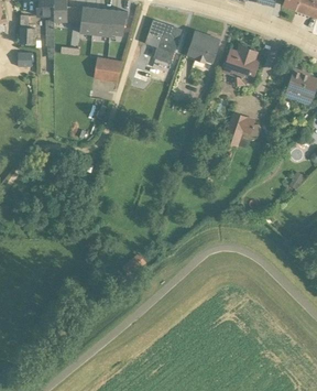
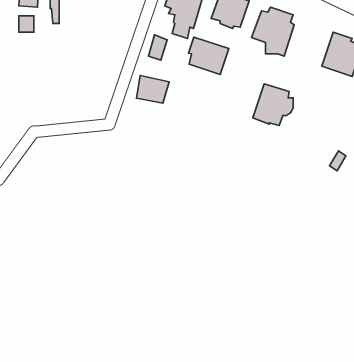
building: [95,56,123,80] -> [137,76,169,103]
building: none -> [189,37,229,75]

